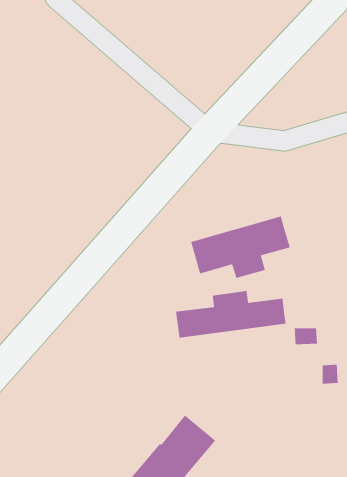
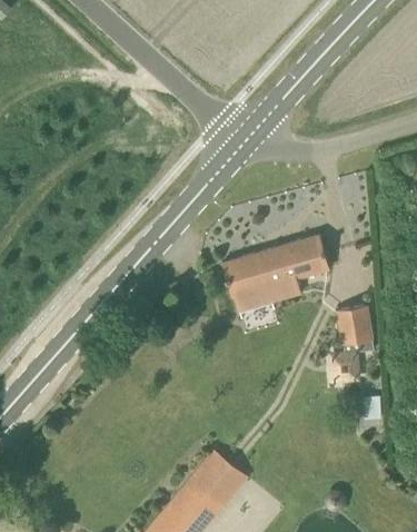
building: none -> [334,306,374,353]
building: [175,290,286,339] -> none

